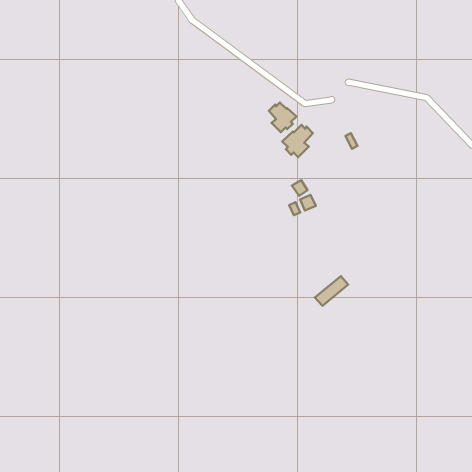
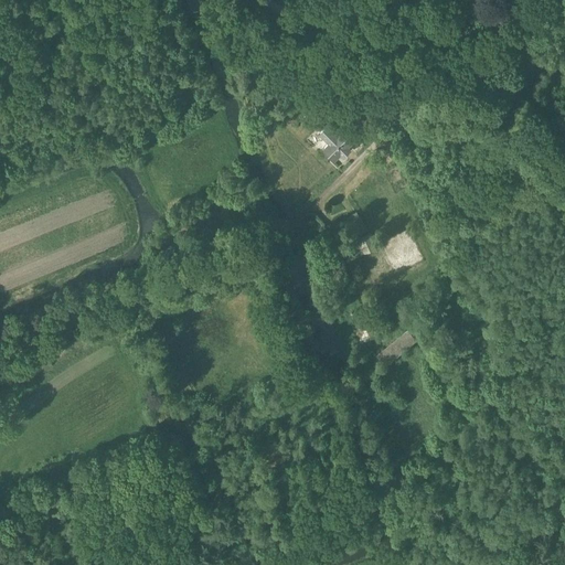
building: [282,125,313,157] -> none

